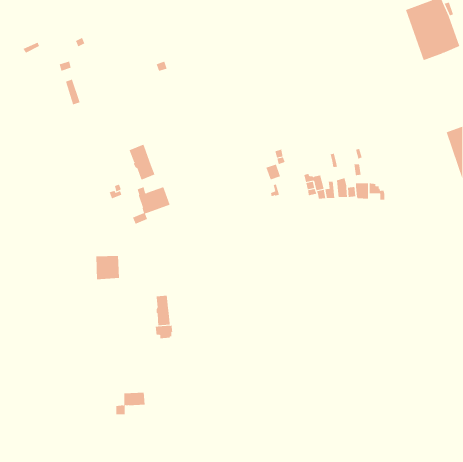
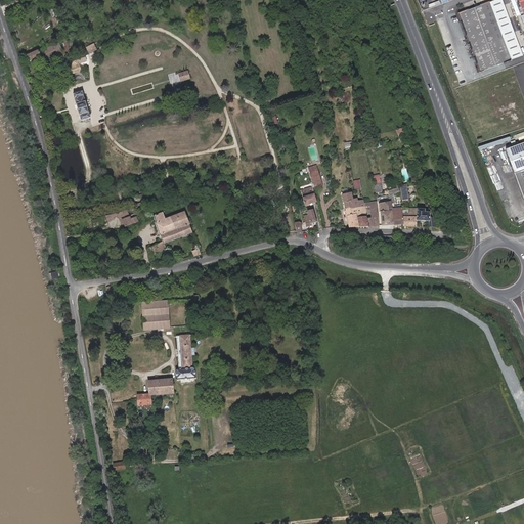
building: [129,144,155,180] -> none
building: [95,255,120,280] -> [141,300,169,328]
building: [115,392,145,415] -> [139,378,173,403]

